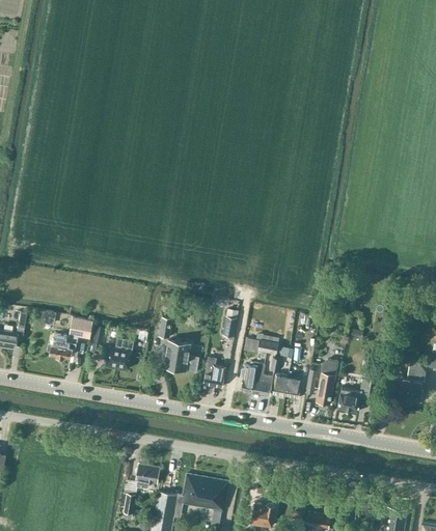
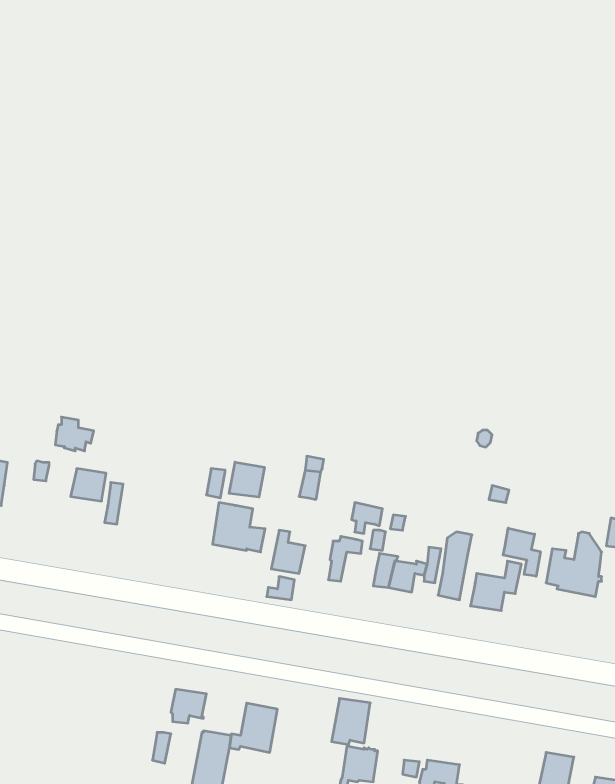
building: none -> [229,462,264,497]
building: [51,334,77,357] -> [55,417,94,451]
building: [106,337,134,369] -> none
building: none -> [503,528,540,576]
building: [250,372,273,396] -> none
building: [202,478,228,509] -> [332,698,370,745]

